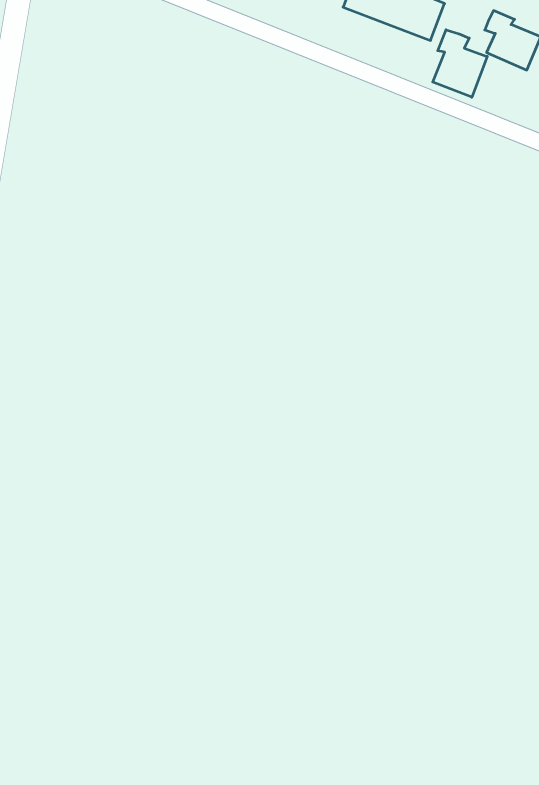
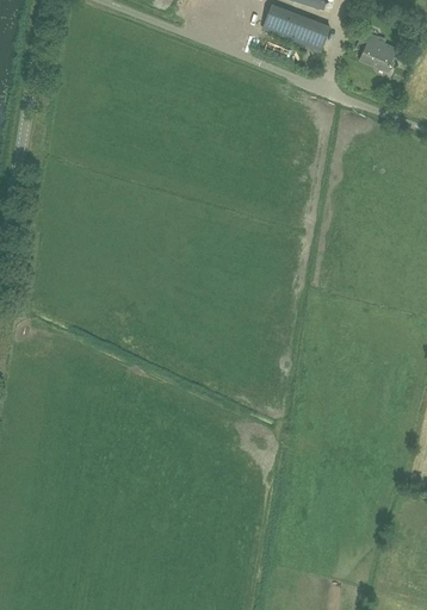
building: [433,30,487,97] -> none

